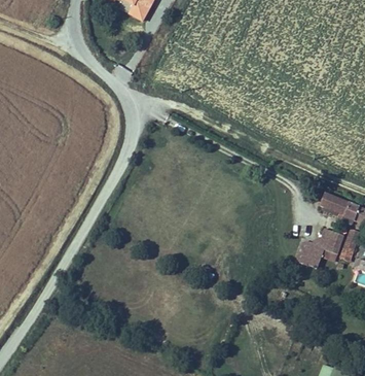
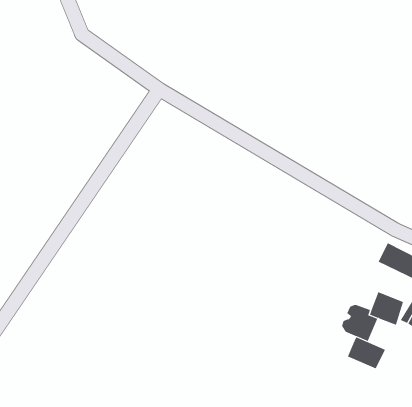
building: none -> [347,337,386,369]

